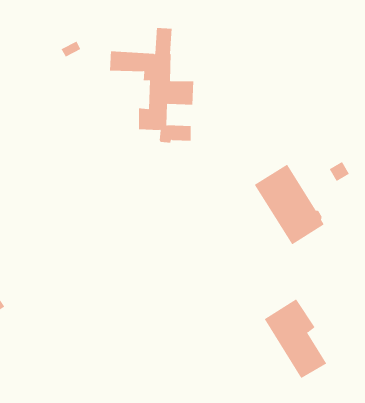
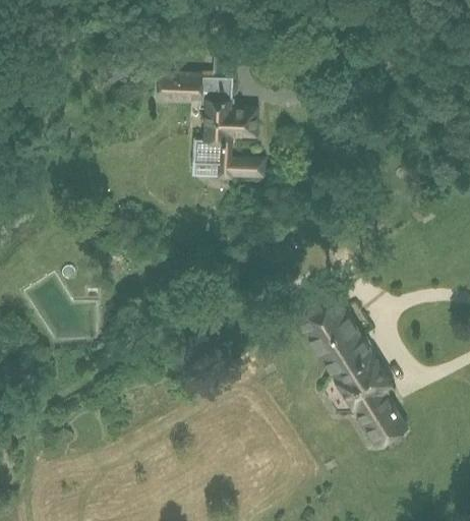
building: [254,164,324,245] -> [293,287,372,379]

